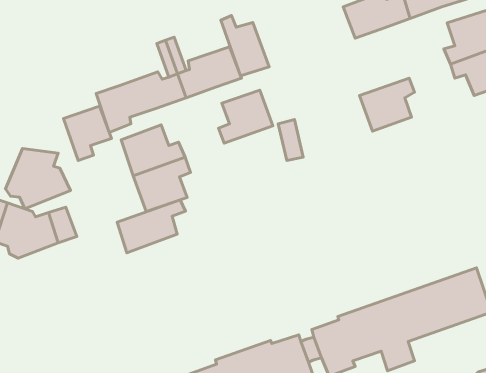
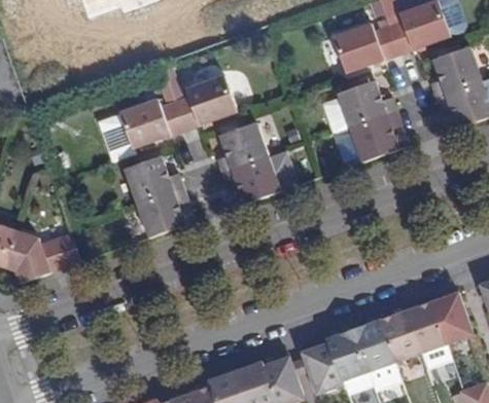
building: [221,16,269,76] -> none
building: none -> [337,80,396,127]
building: [64,106,111,160] -> none
building: none -> [220,156,279,204]
building: [5,148,70,209] -> none
building: [117,200,185,253] -> none

